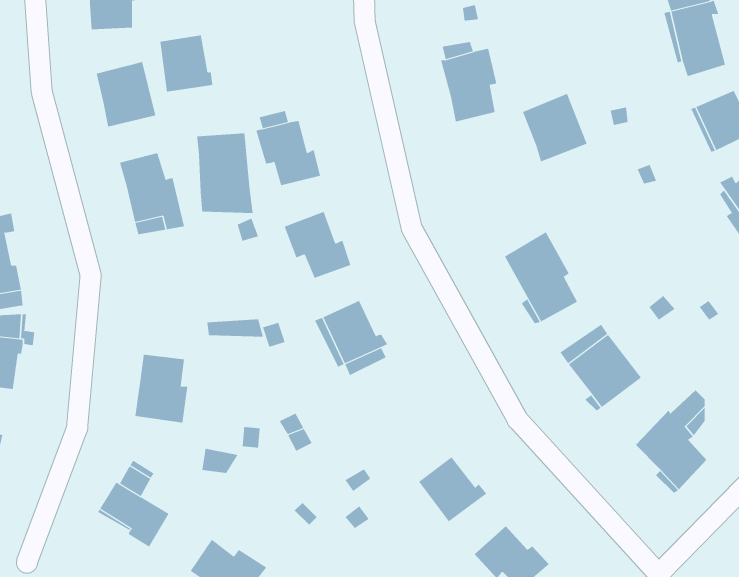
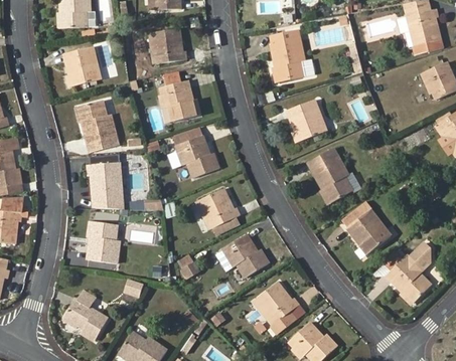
building: [159,35,213,92] -> [153,29,185,63]
building: [522,93,588,162] -> [287,100,326,141]
building: [197,133,254,214] -> [90,162,124,210]
building: none -> [221,235,267,277]

